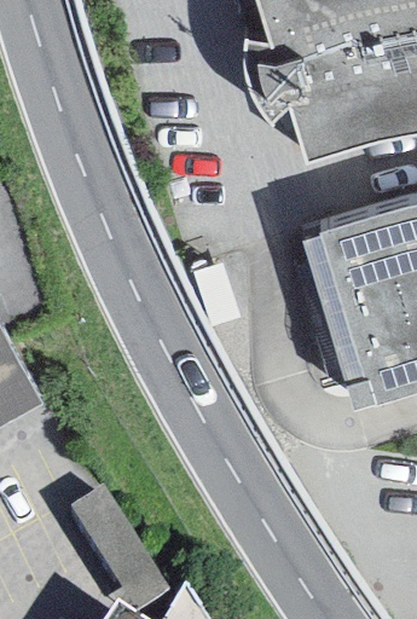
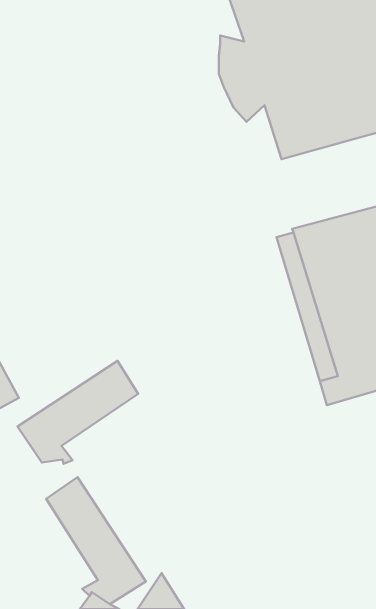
building: none -> [17,361,138,464]

